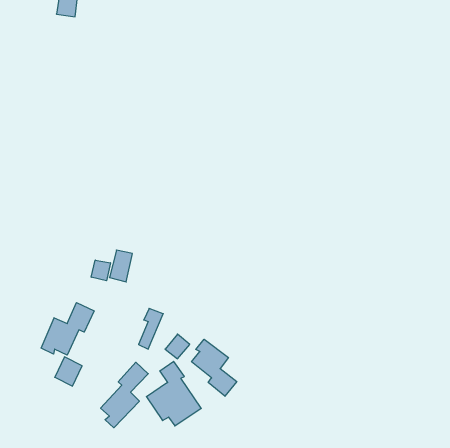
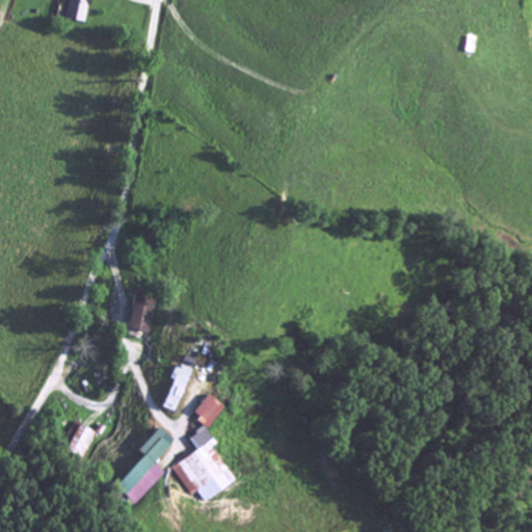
building: [91,260,110,281] -> none
building: [41,303,94,355] -> none
building: [192,339,237,396] -> none

